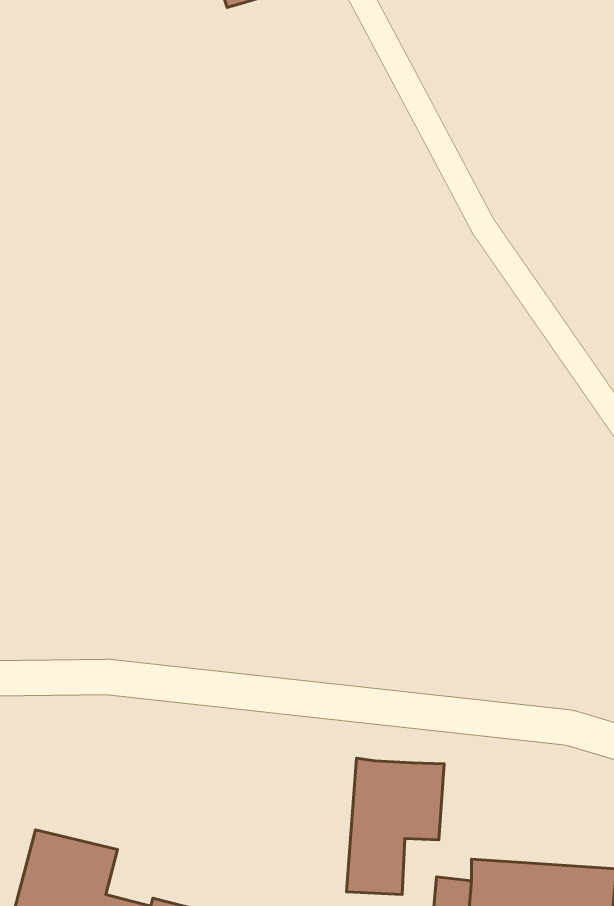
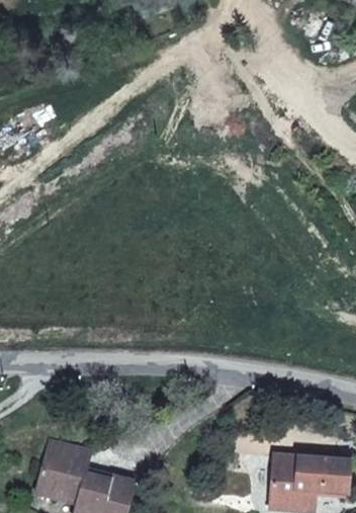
building: [346,758,444,895] -> none

